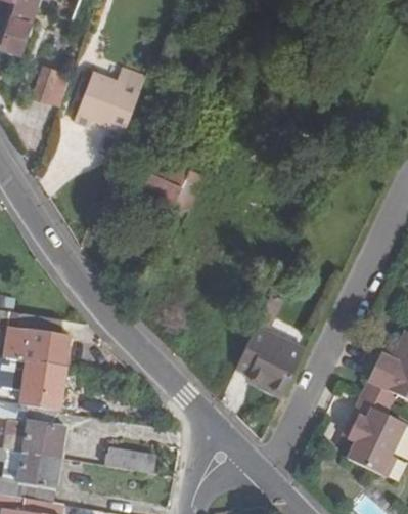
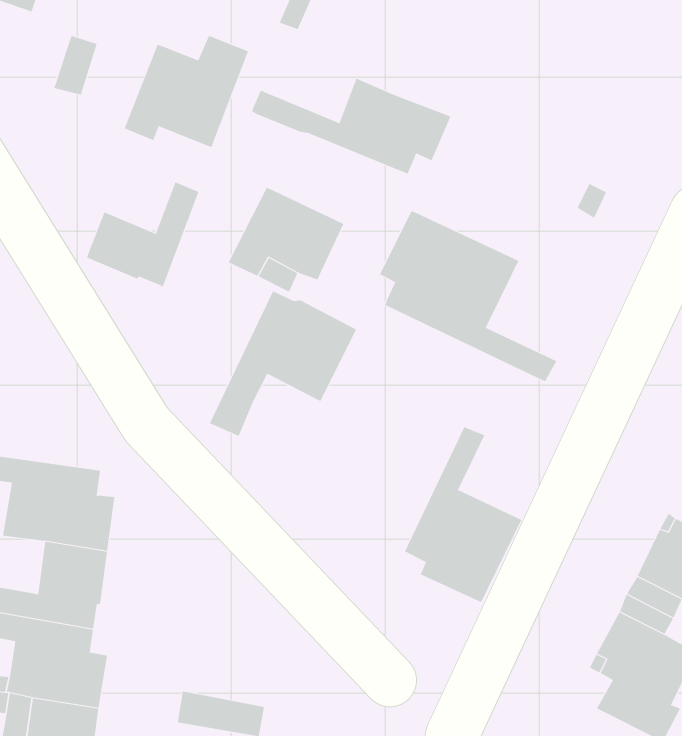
building: none -> [251,78,451,175]
building: none -> [86,182,199,287]
building: none -> [379,210,557,382]
building: none -> [209,290,357,437]

